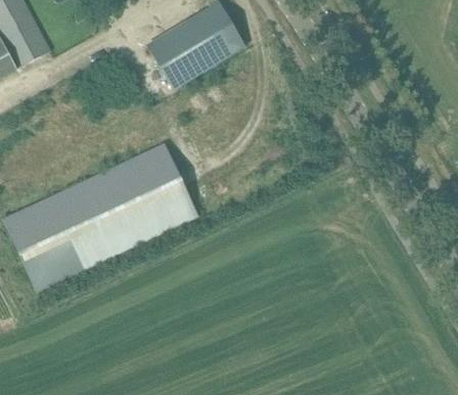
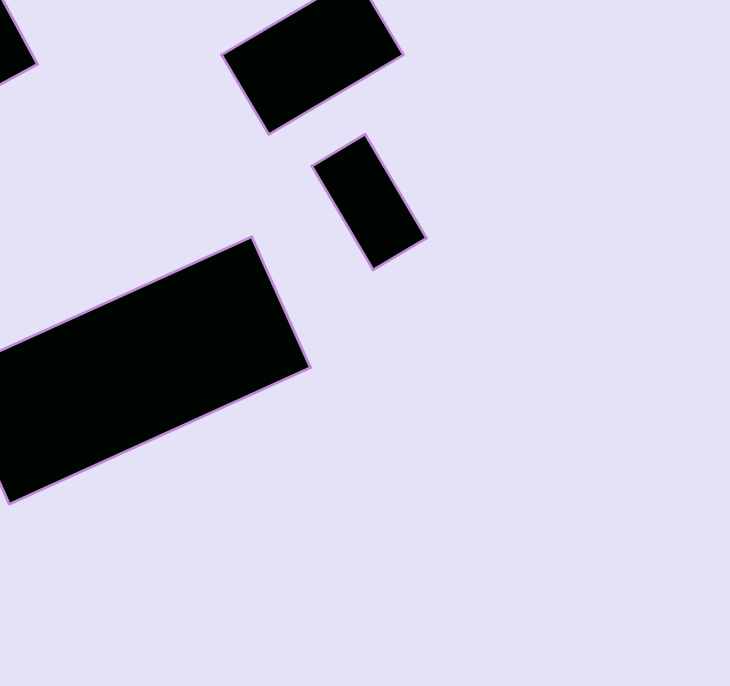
building: none -> [312,134,427,270]

